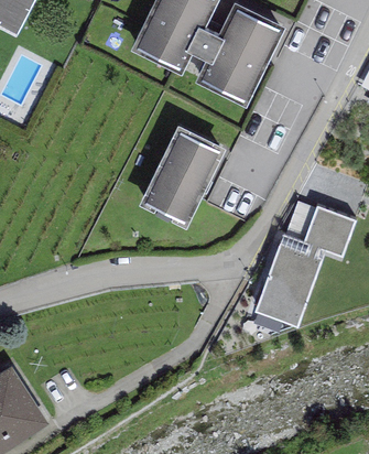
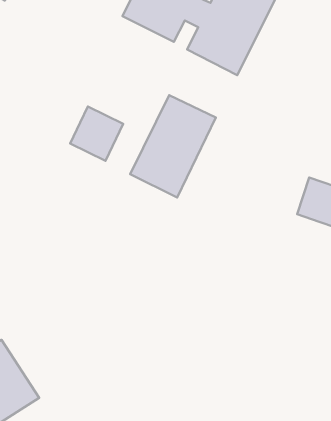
building: none -> [70,107,123,161]
building: [254,233,326,325] -> none

